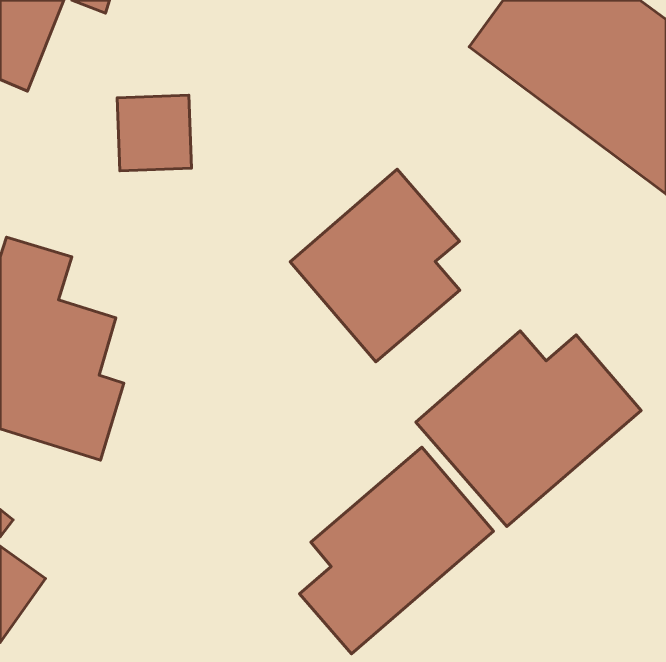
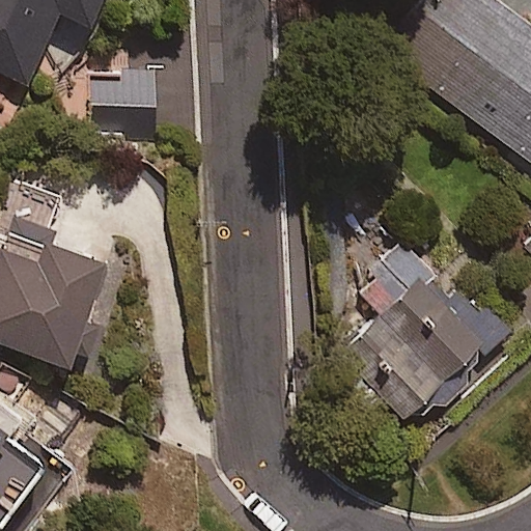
building: [290,169,460,362] -> none
building: [299,447,493,654] -> none

